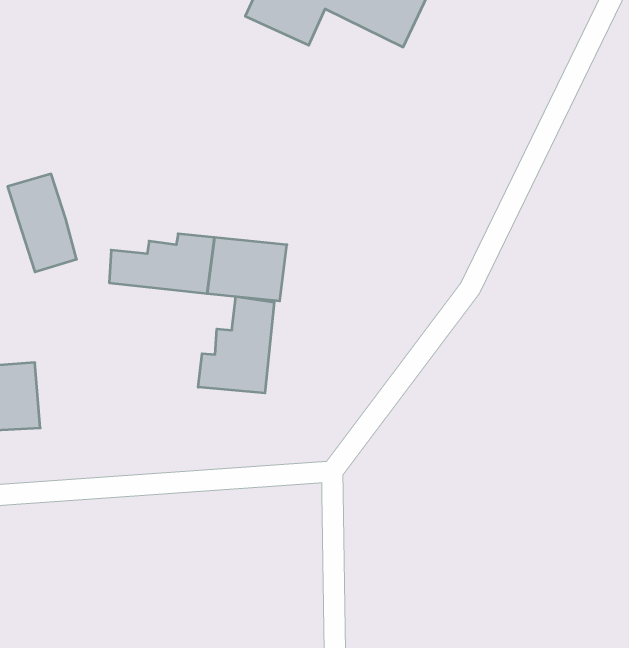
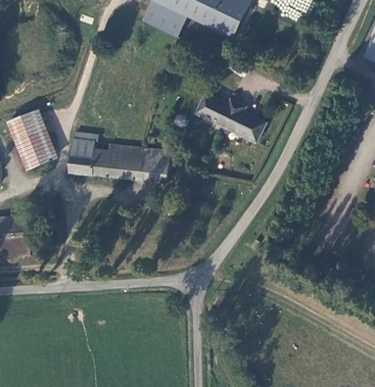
building: none -> [196,92,267,141]
building: none -> [68,130,92,154]
building: [198,297,274,393] -> none

